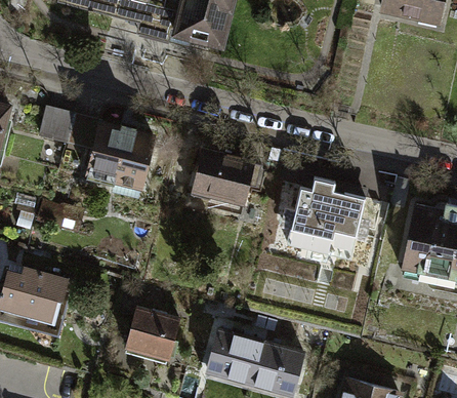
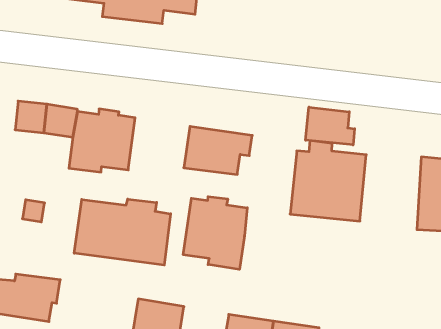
building: none -> [306,107,355,145]
building: none -> [74,199,171,265]
building: none -> [183,197,247,269]

